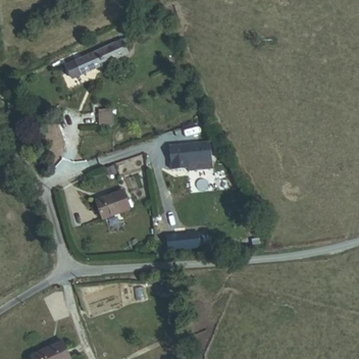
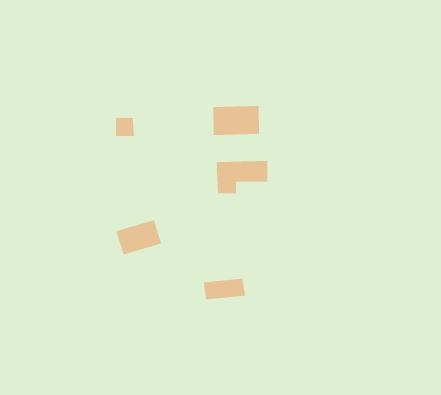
building: [73,38,125,75] -> none
building: none -> [212,105,260,136]

